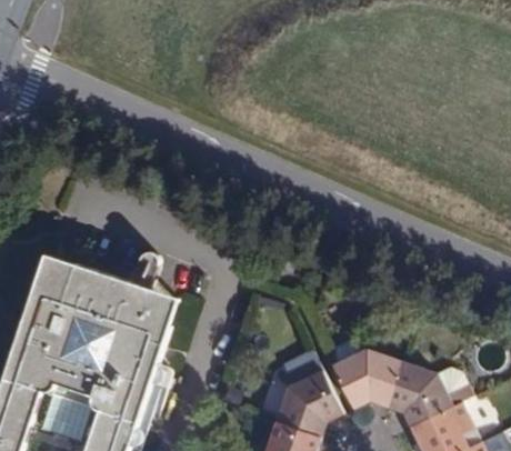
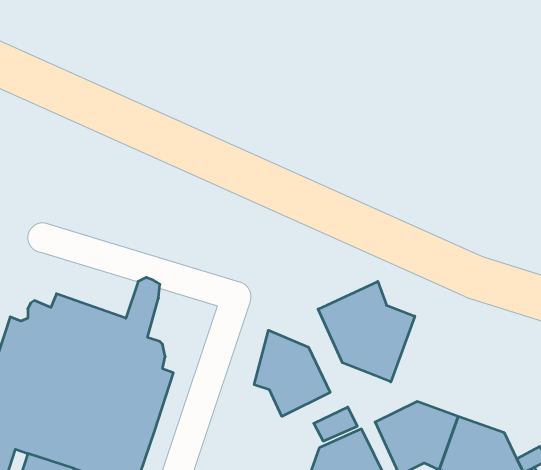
building: none -> [318,281,415,382]
building: none -> [254,330,330,416]

